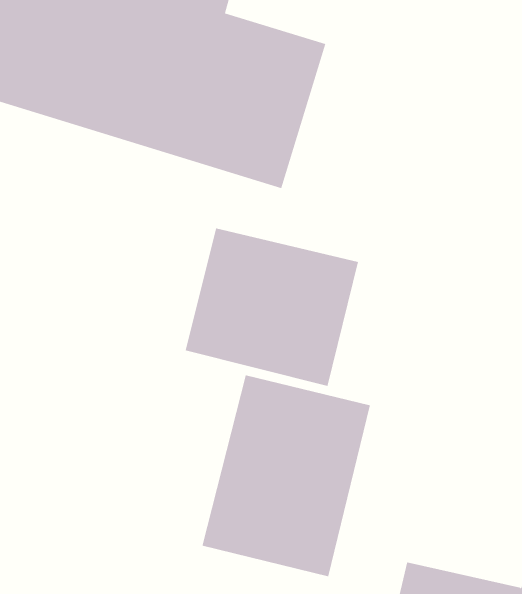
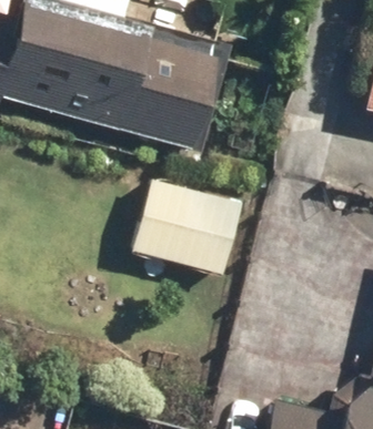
building: [202,375,370,577] -> none

